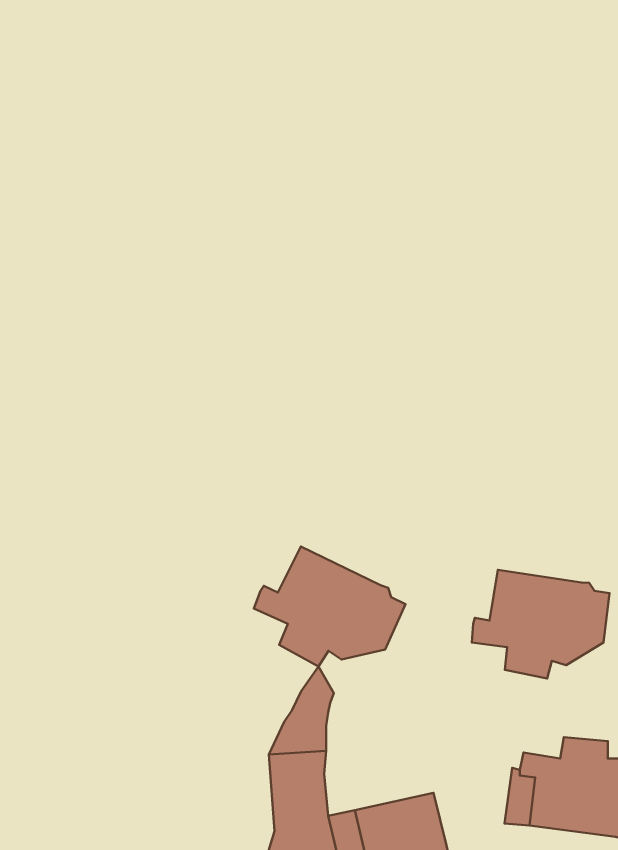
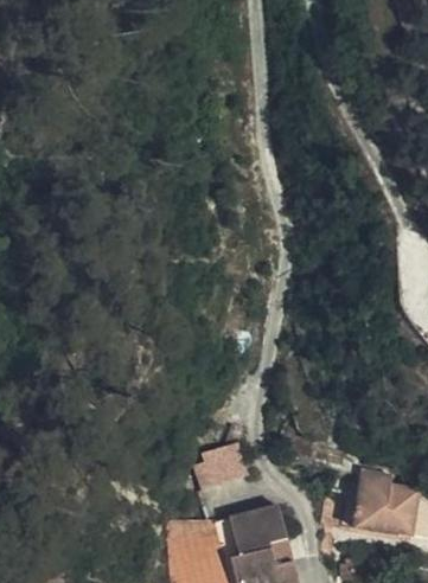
building: [254,547,405,666] -> none
building: [472,570,609,678] -> none

